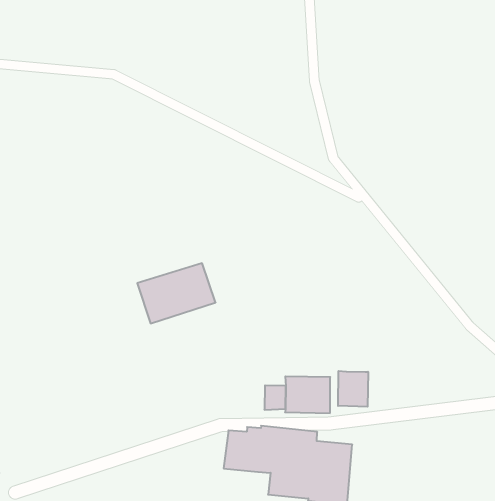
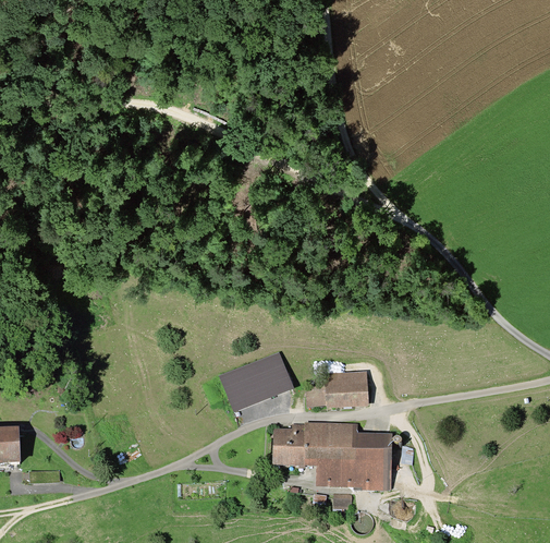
building: [137,263,216,323] -> [218,352,293,412]
building: [338,371,368,407] -> none

